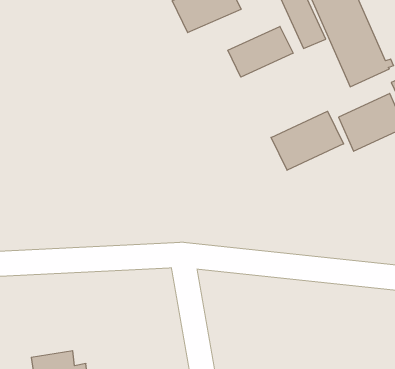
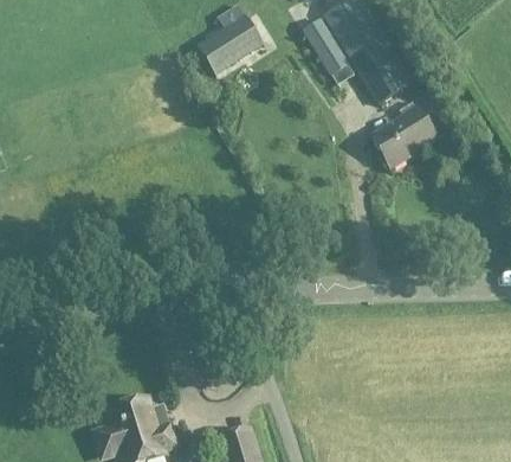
building: [228,26,293,77] -> none
building: [271,111,344,170] -> none

